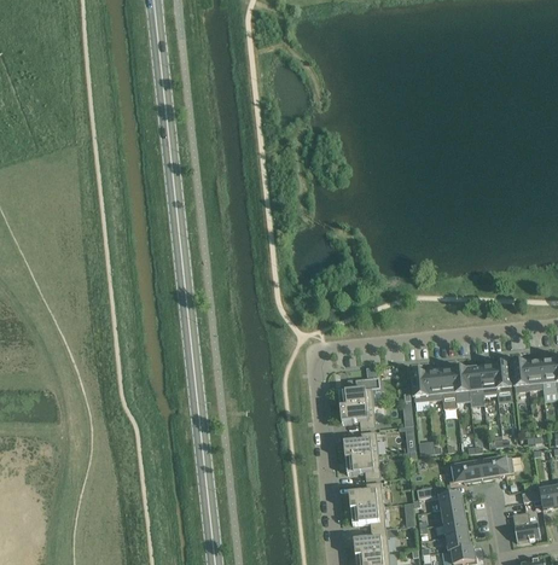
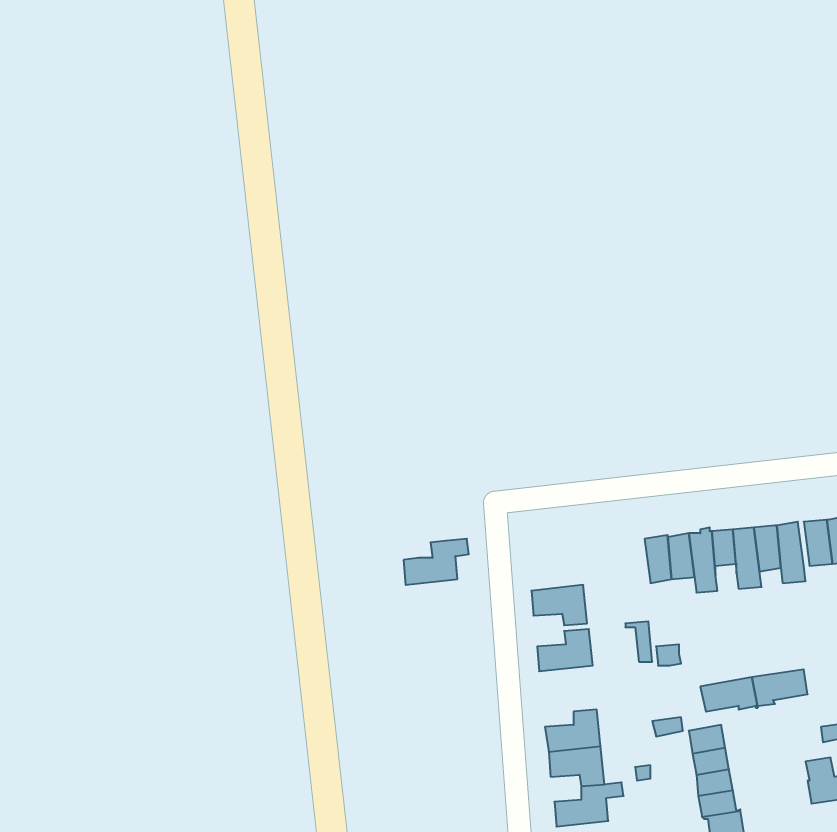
building: [338,377,379,406] -> [404,539,469,585]
building: [344,453,380,478] -> none

